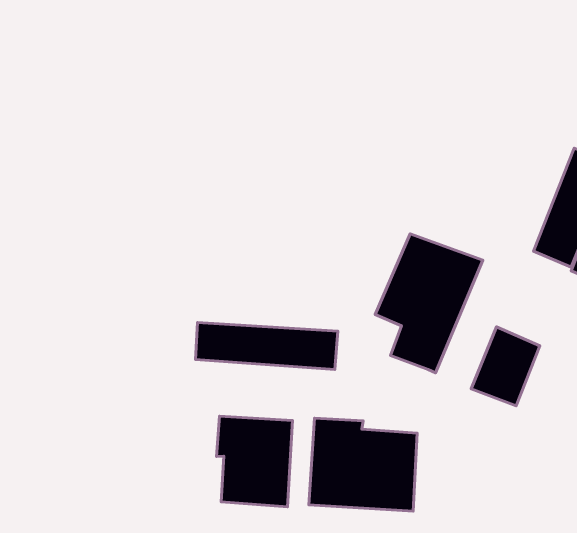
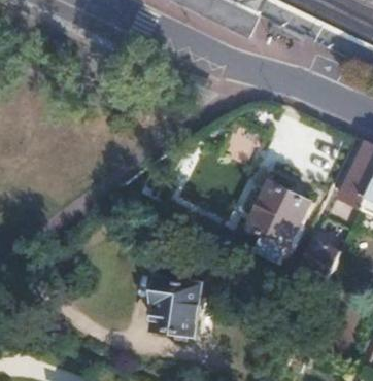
building: [196,322,338,369] -> none
building: [309,418,417,511] -> none

